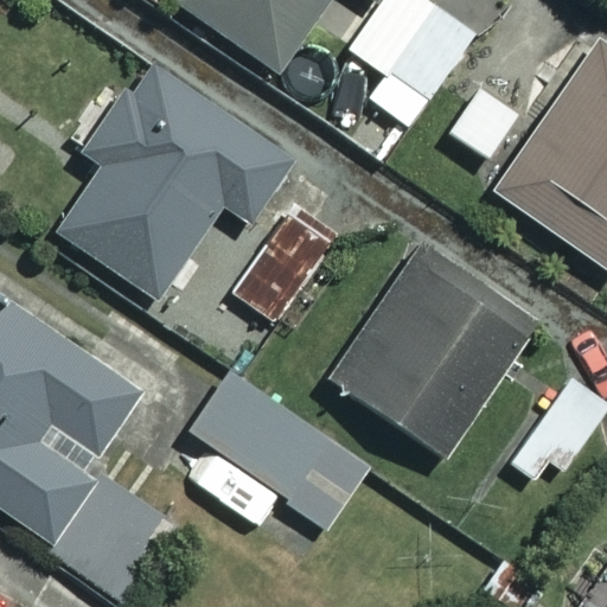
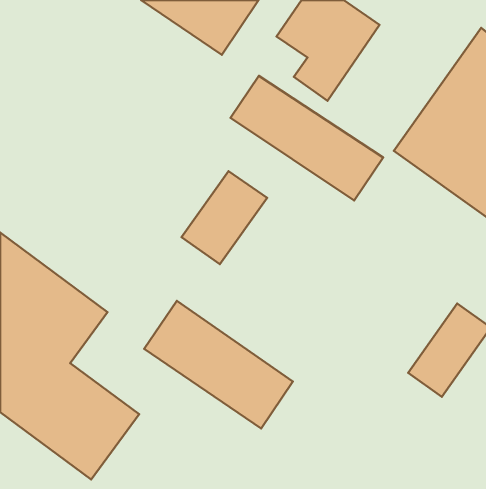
building: [59,63,289,296] -> none
building: none -> [230,76,383,201]
building: [332,247,531,454] -> none

